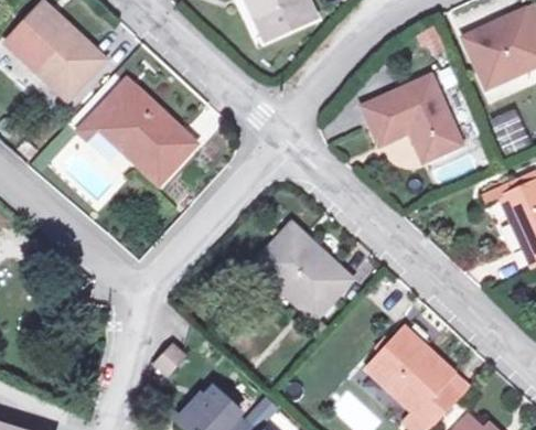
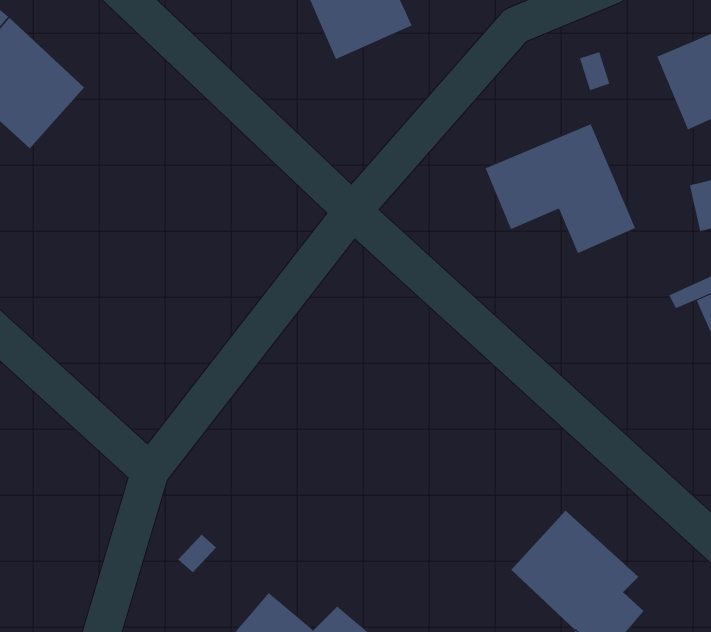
building: [86,75,193,181] -> none
building: [261,227,352,318] -> none

